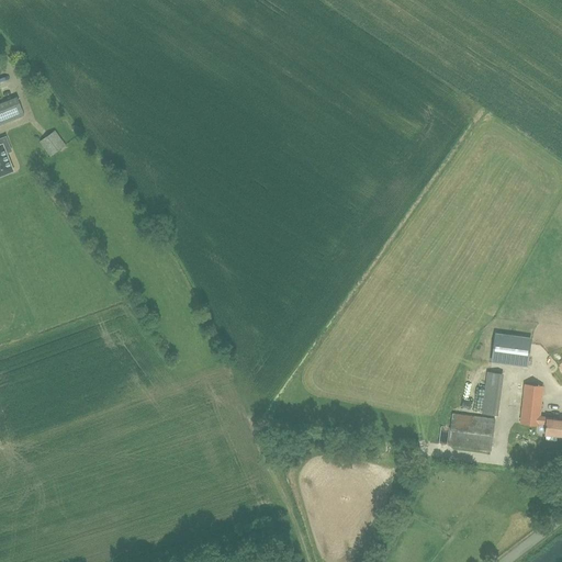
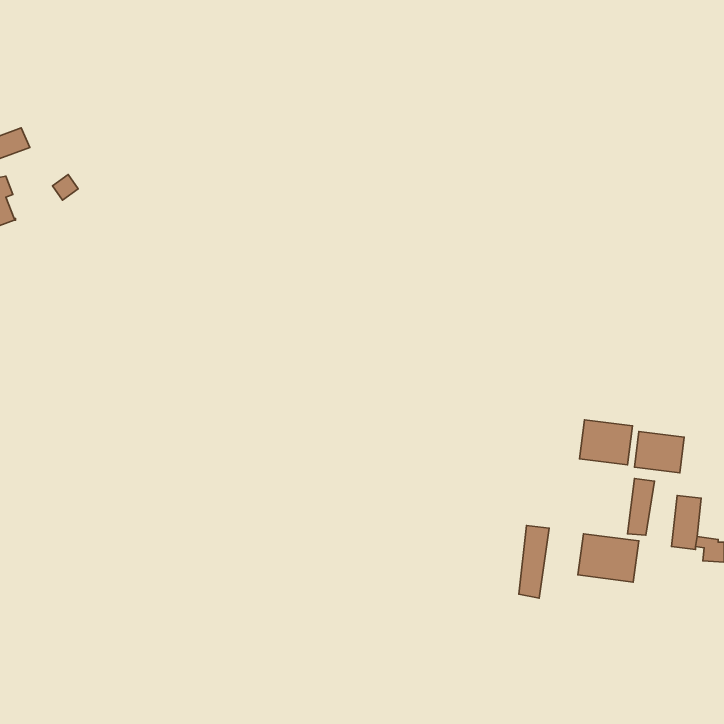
building: none -> [579,420,633,465]
building: none -> [519,525,549,598]

